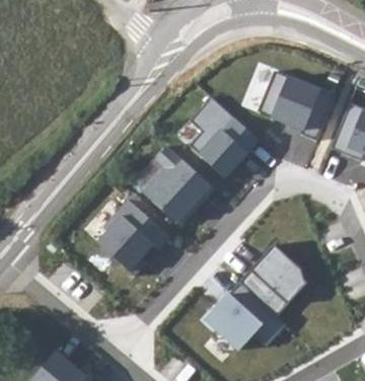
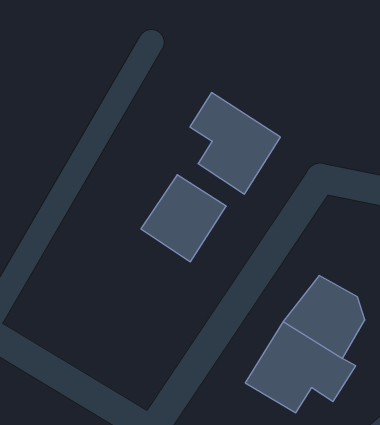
building: [263,74,335,135] -> none
building: [94,203,173,275] -> none

